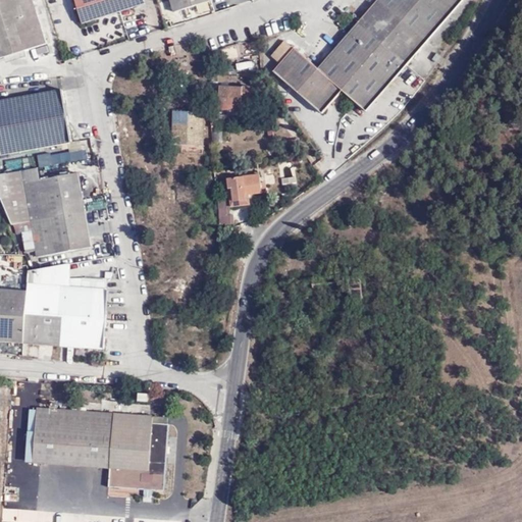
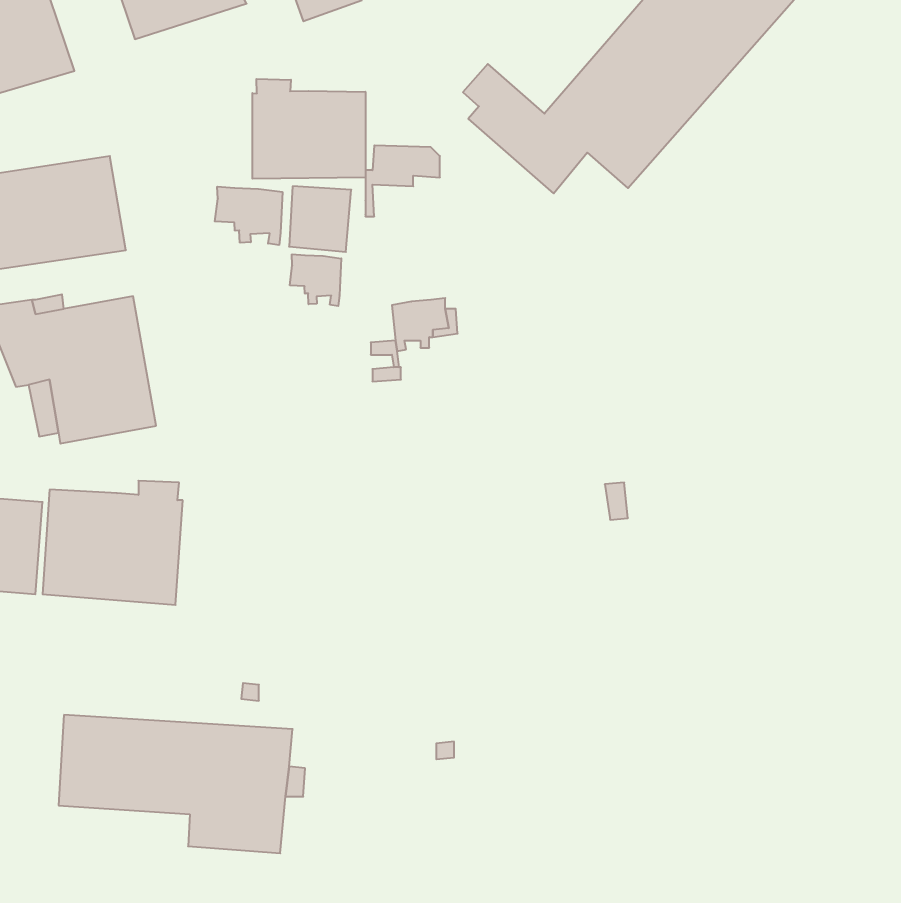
building: none -> [252,79,365,179]
building: none -> [215,187,282,245]
building: none -> [290,254,341,306]
building: [29,262,68,283] -> none

